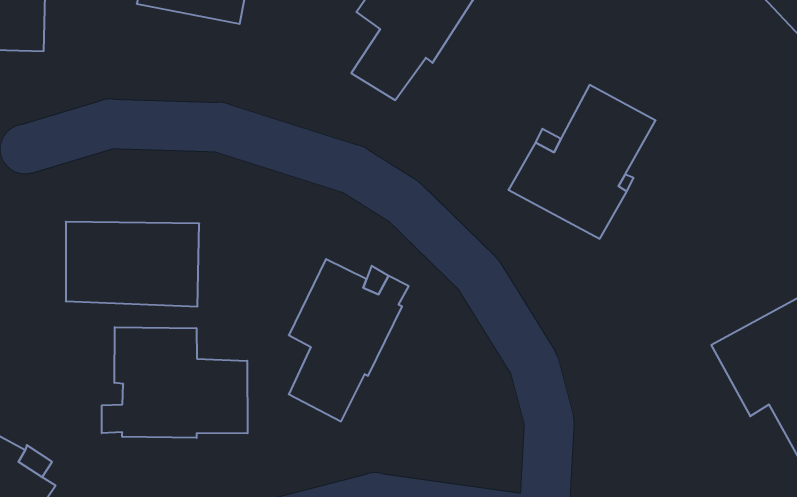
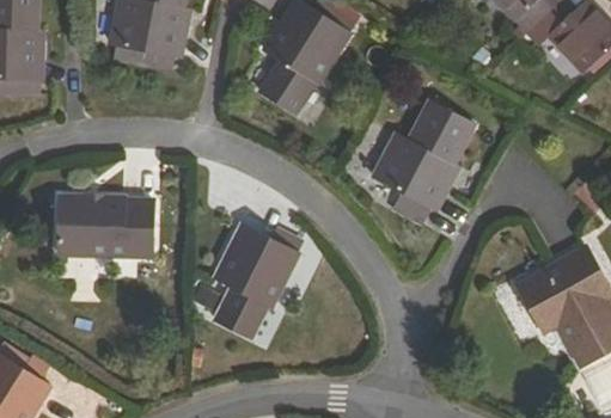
building: [102,327,248,438] -> none

